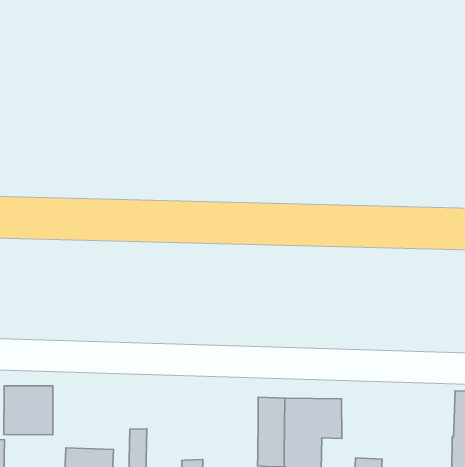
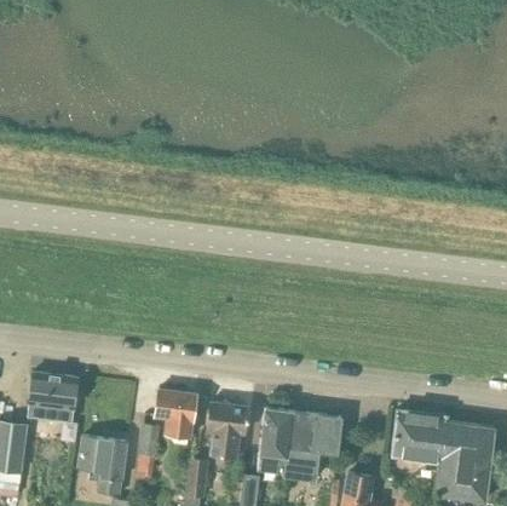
building: none -> [391,410,446,464]
building: none -> [155,389,197,437]
building: none -> [207,402,248,458]

